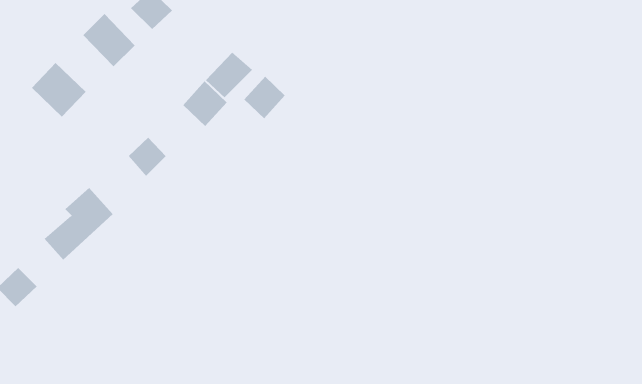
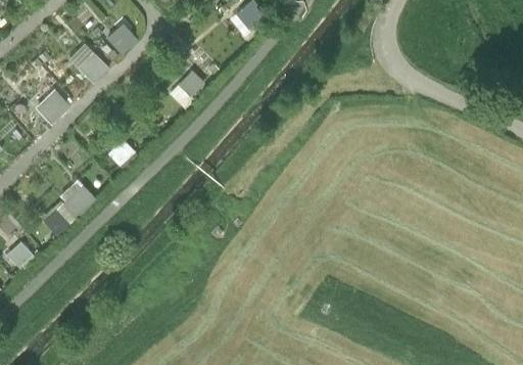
building: [243,76,286,119] -> none
building: [182,81,227,127] -> none

